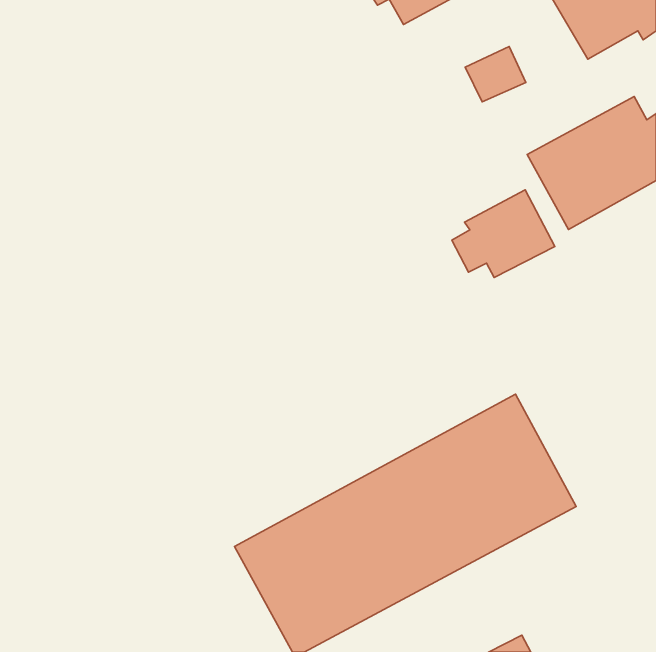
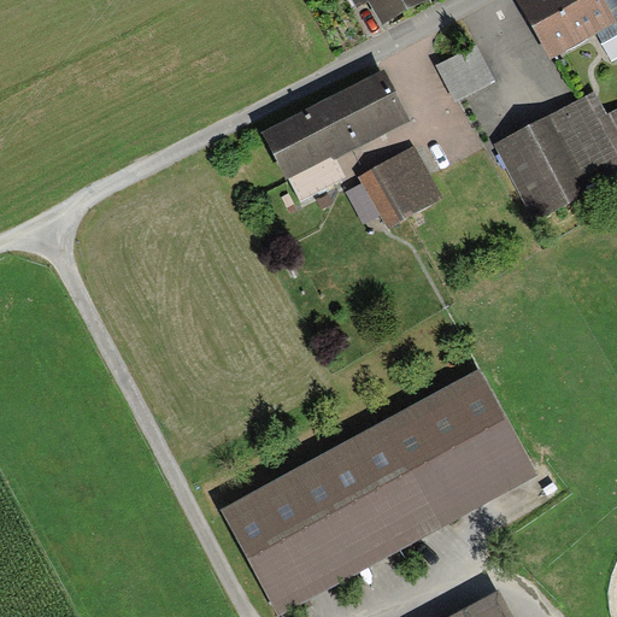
building: none -> [260,67,410,194]
building: [452,190,555,277] -> [345,142,441,224]

